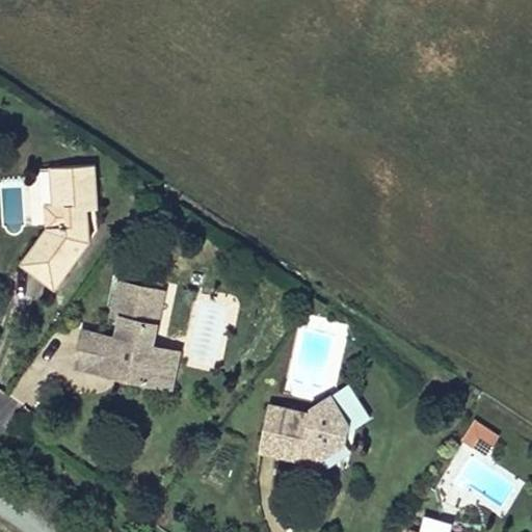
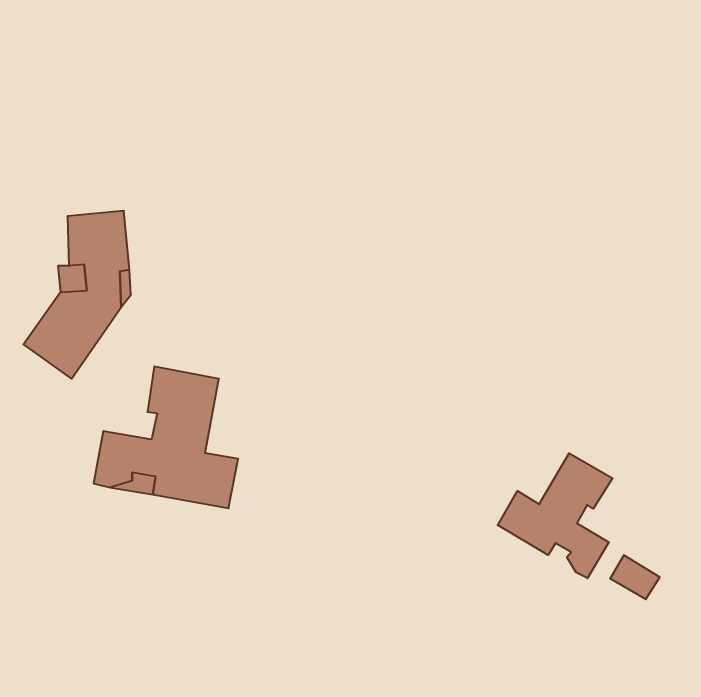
building: none -> [498,453,613,578]
building: [258,394,350,463] -> none

